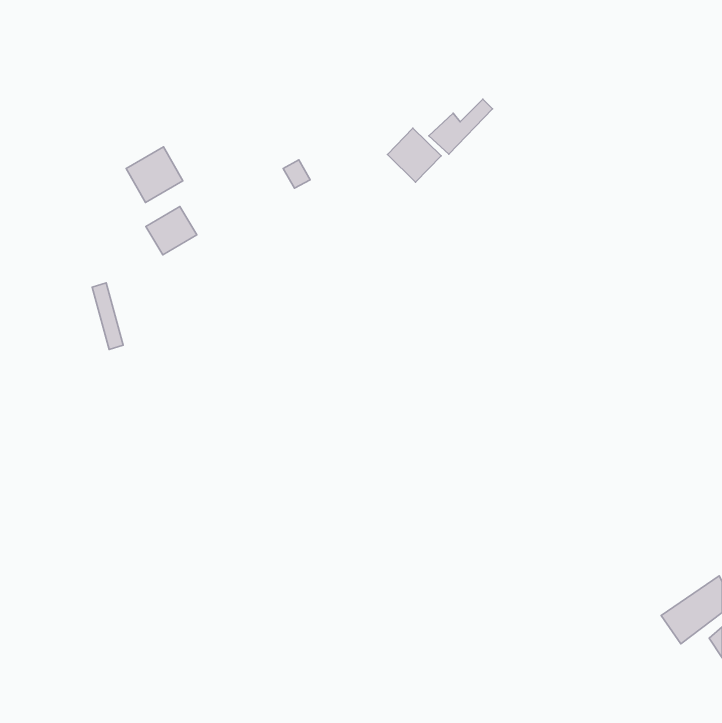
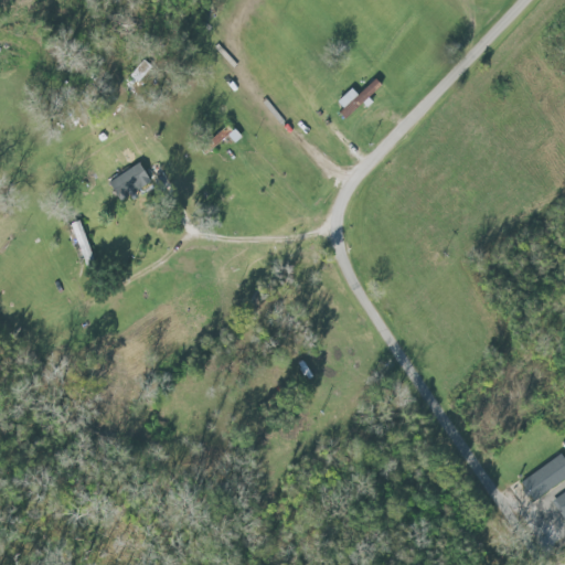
building: [387,128,441,182] -> none
building: [126,147,183,203] -> none

